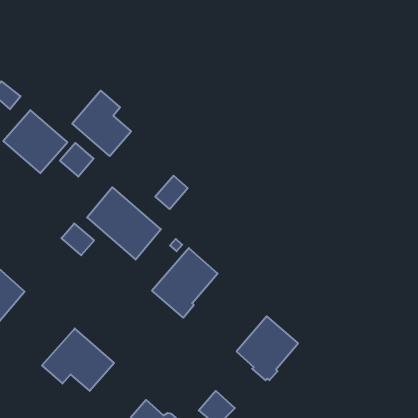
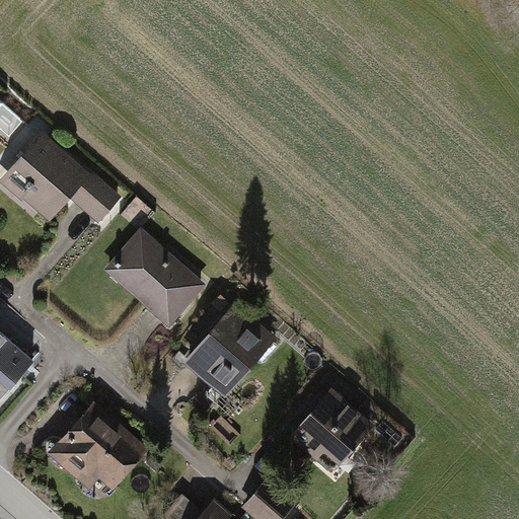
building: [72,91,131,156] -> none
building: [155,176,188,209] -> none
building: [61,223,94,255] -> none

